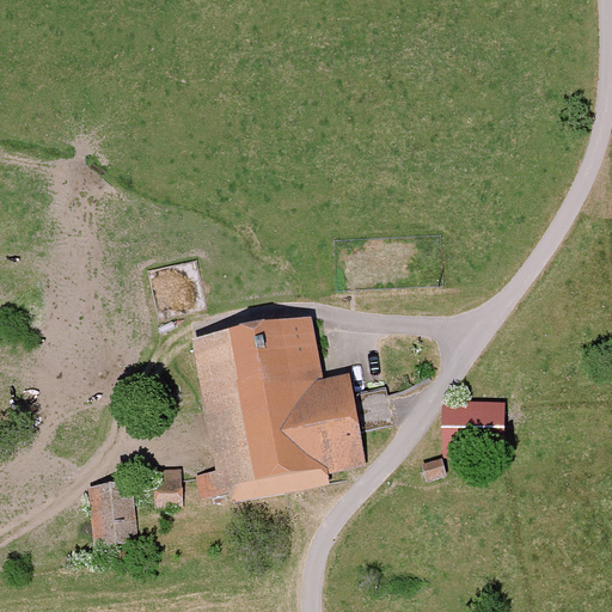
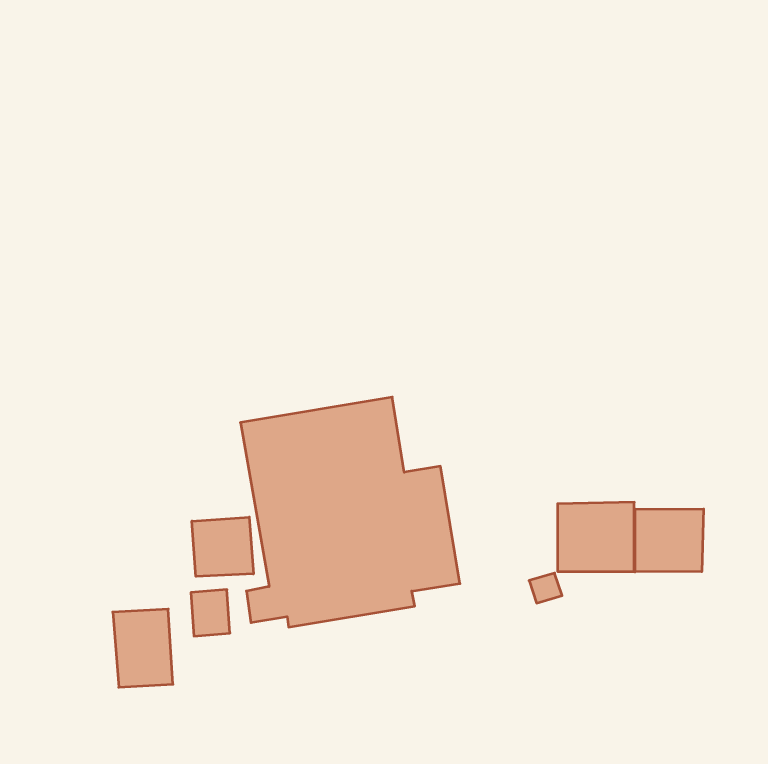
building: none -> [635,509,704,572]
building: none -> [192,517,253,576]

